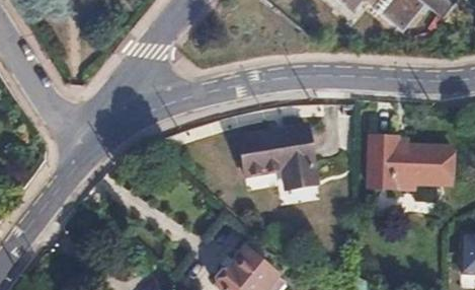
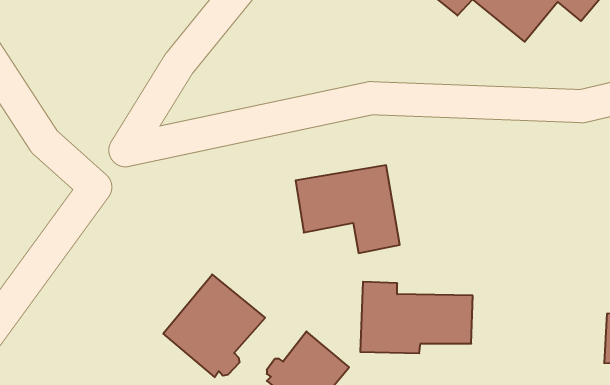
building: [371,136,454,189] -> [360,282,473,353]
building: none -> [163,274,265,377]

